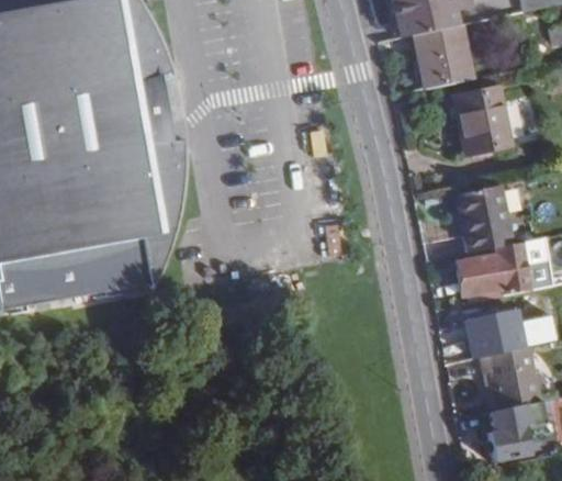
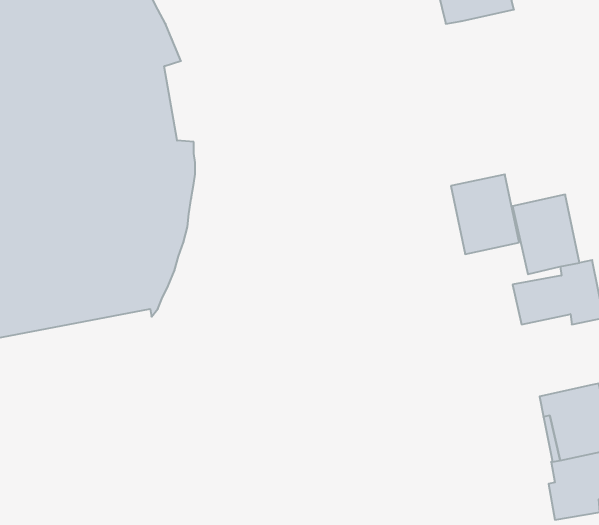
building: [411,26,470,88] -> none
building: [451,88,509,156] -> [451,174,519,254]
building: [464,312,522,359] -> none

